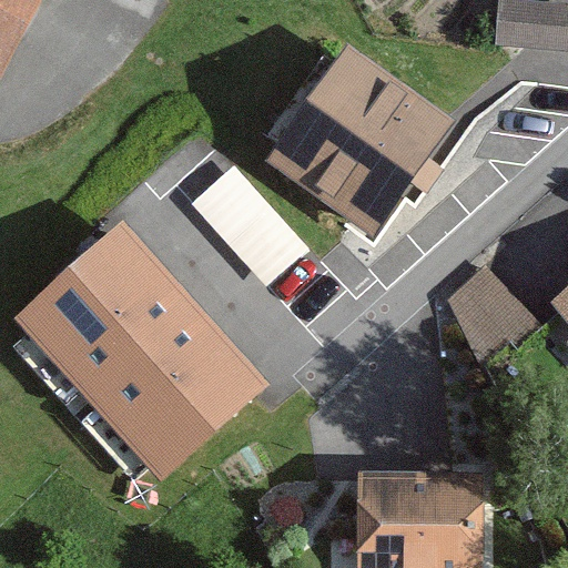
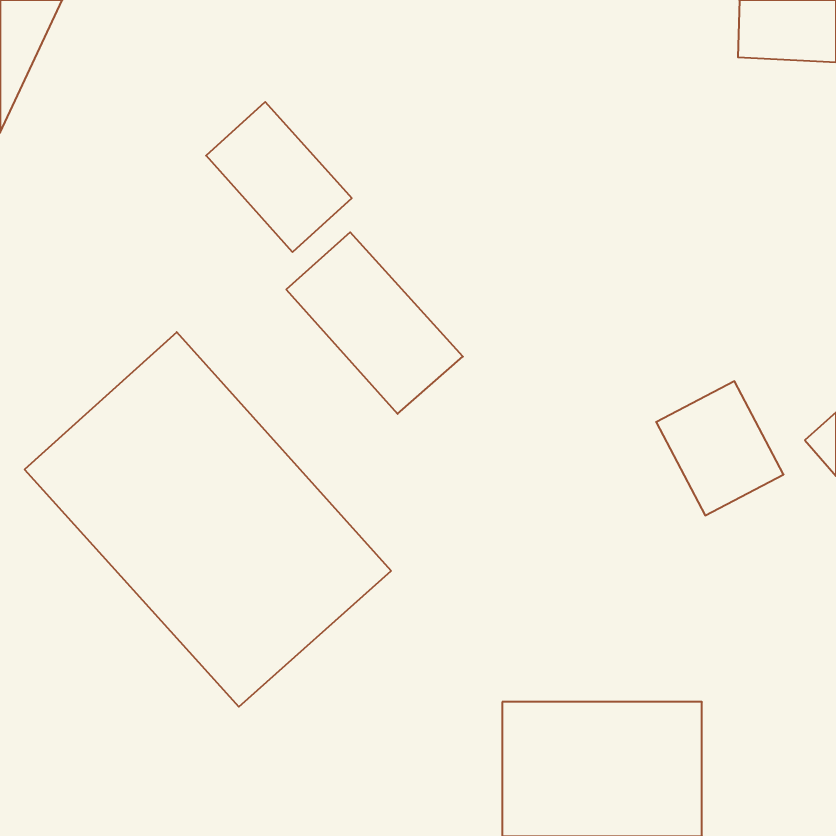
building: [266,47,453,234] -> none
building: none -> [206,102,352,252]

